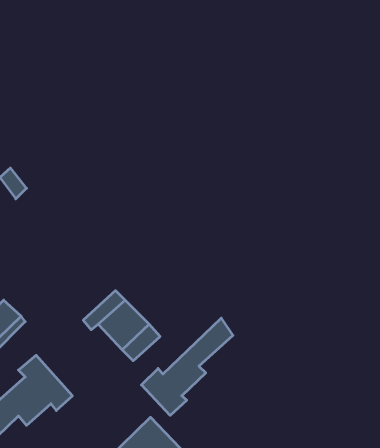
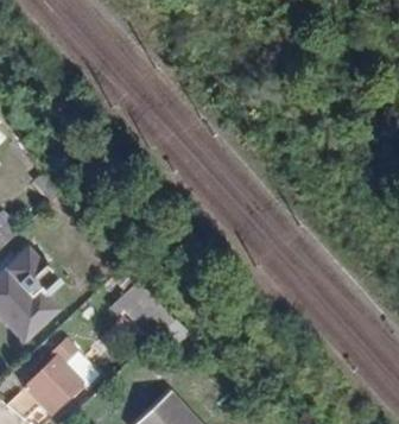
building: [141,318,233,415] -> none

